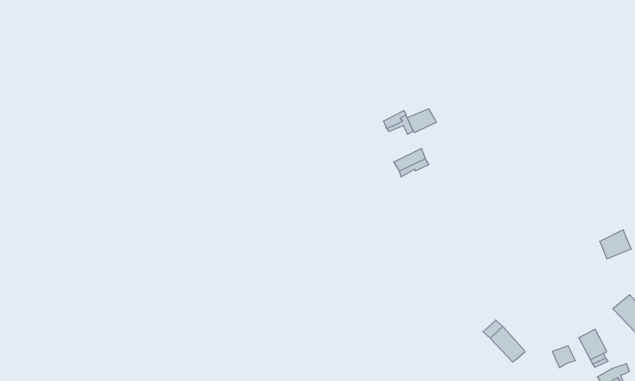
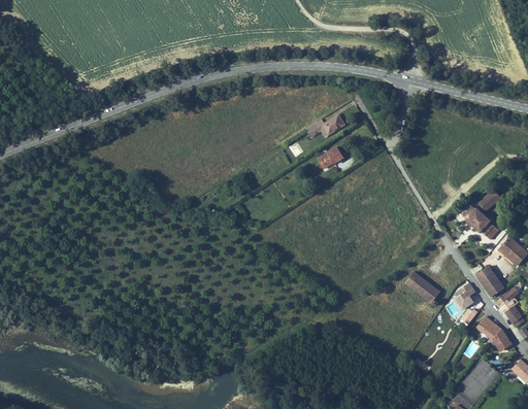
building: none -> [464,207,499,240]

